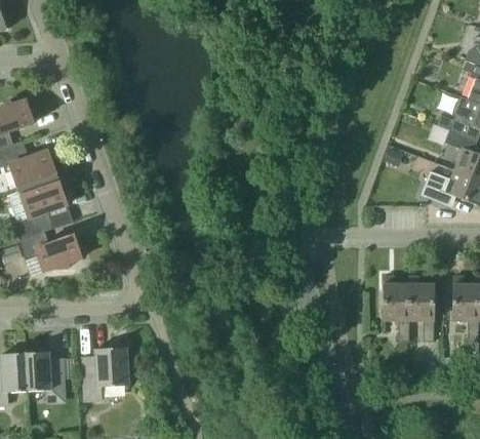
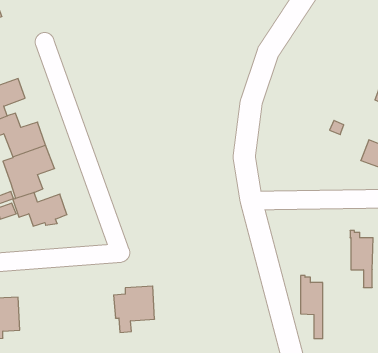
building: [384,276,409,349] -> [301,276,323,339]
building: [82,347,129,400] -> [114,286,155,332]
building: [26,352,65,398] -> none

